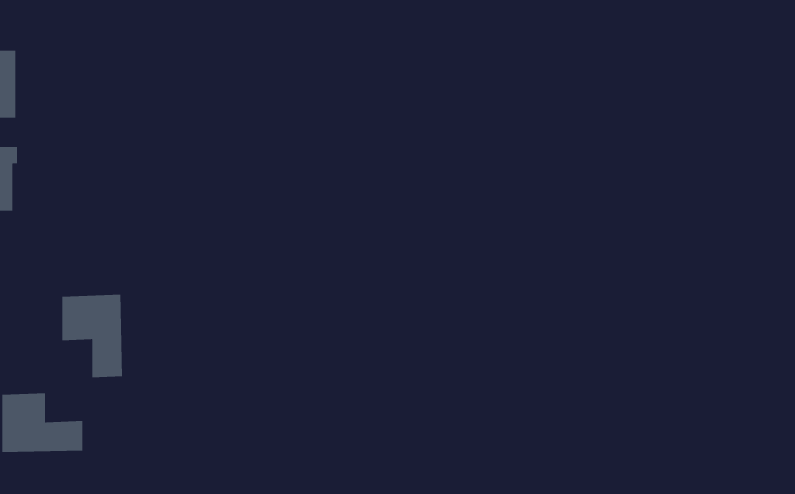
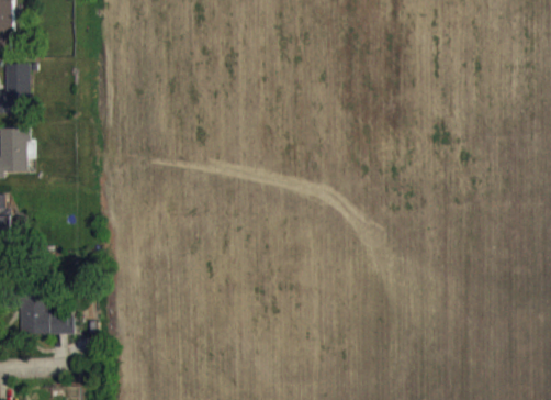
building: [62,294,123,378] -> none

